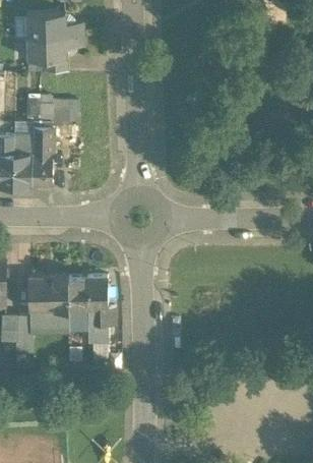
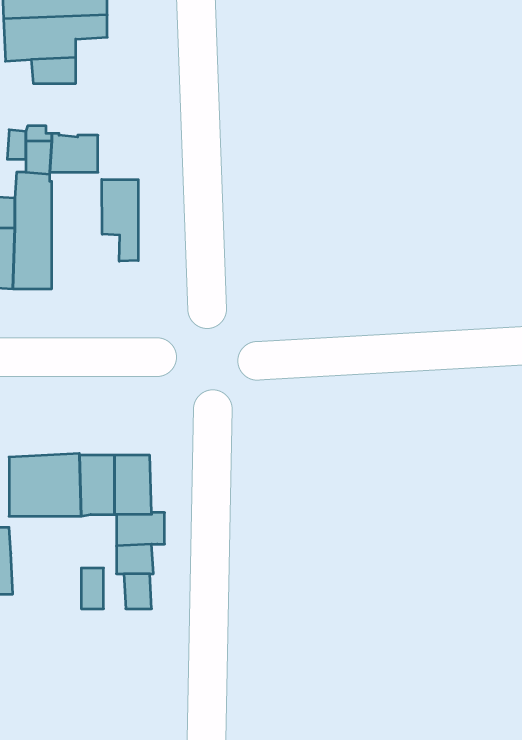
building: none -> [102,179,138,261]
building: [28,311,68,332] -> none

